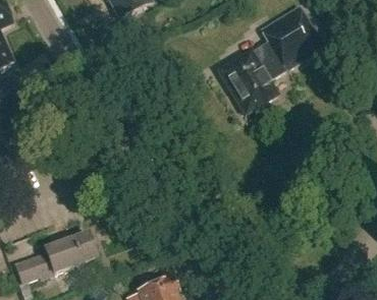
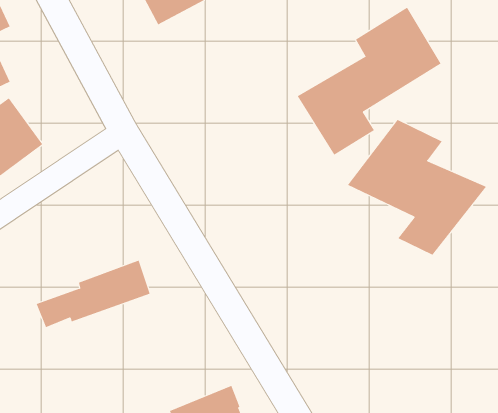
building: none -> [347,119,487,256]
building: [14,233,97,282] -> [36,260,151,328]

